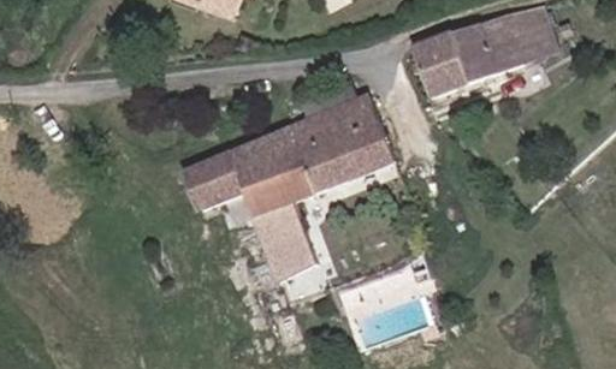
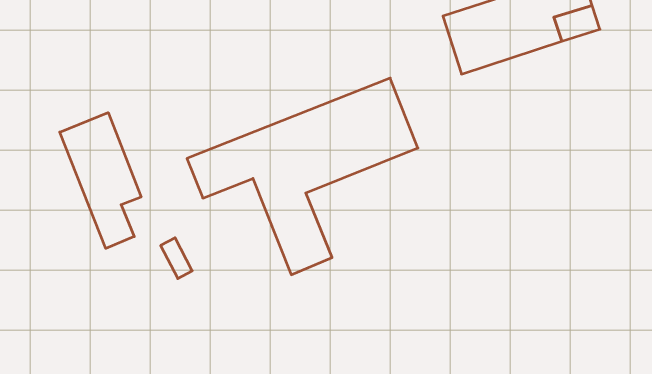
building: none -> [60,113,141,248]

